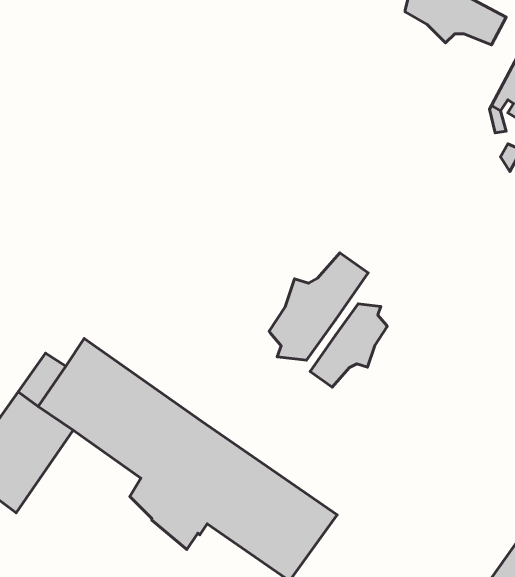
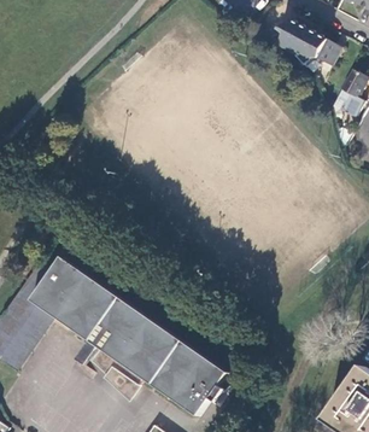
building: [269,253,368,360] -> none
building: [310,304,387,387] -> none

